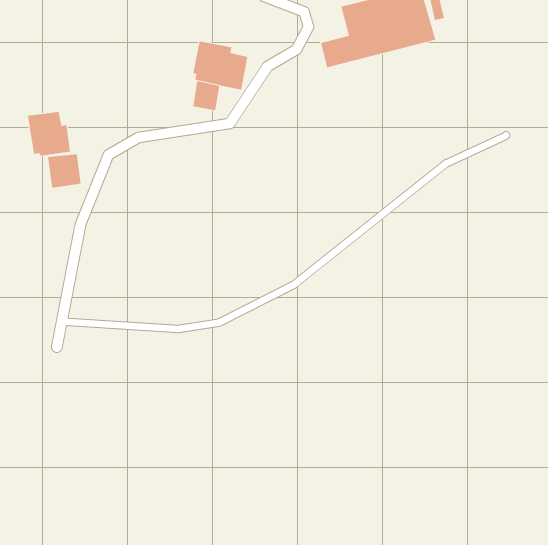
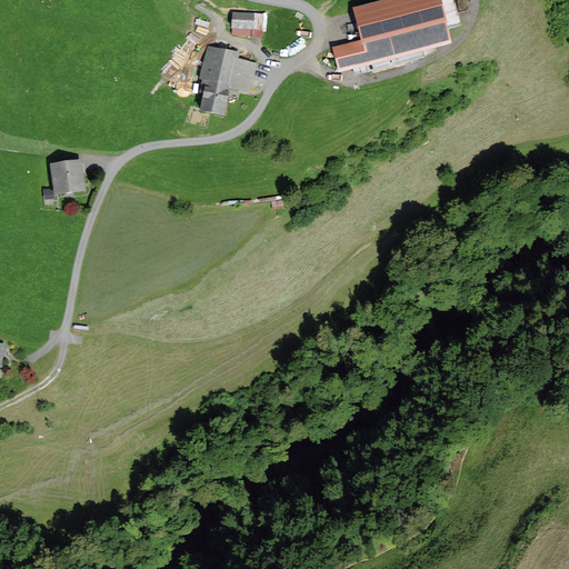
building: none -> [230,9,262,28]
building: [28,111,71,156] -> none

